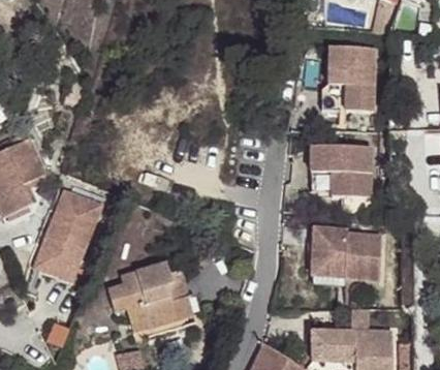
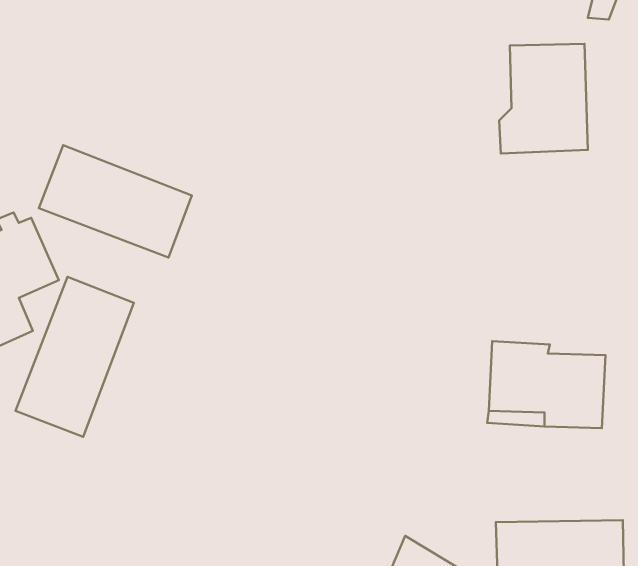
building: none -> [39,145,192,257]
building: [314,143,373,192] -> none
building: [111,274,199,344] -> none

